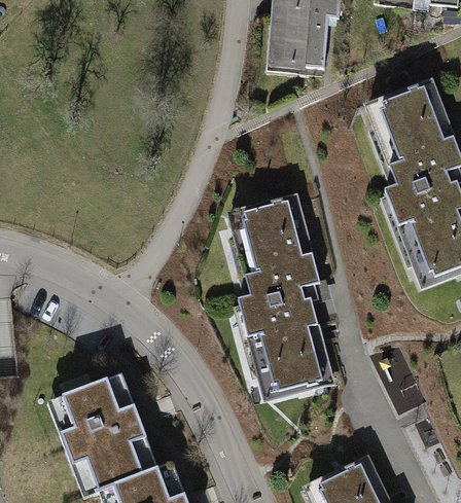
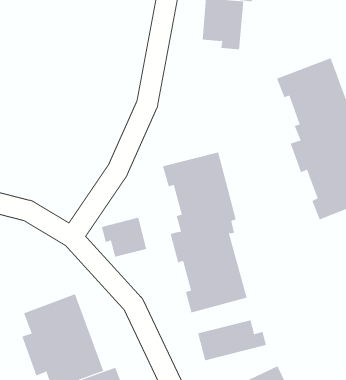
building: none -> [101,217,147,258]
building: none -> [198,319,267,361]

